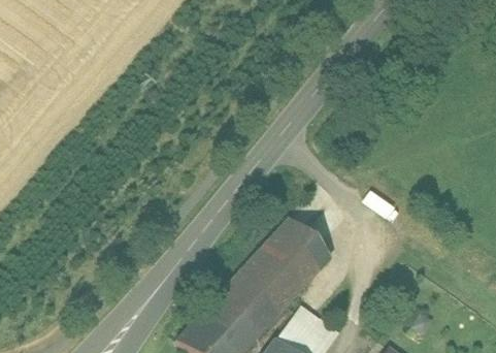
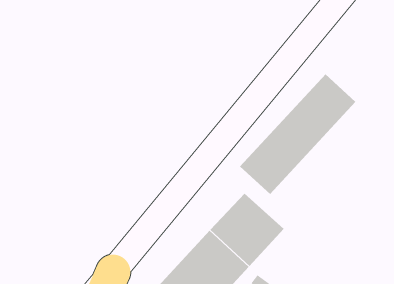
building: none -> [239,74,356,195]

